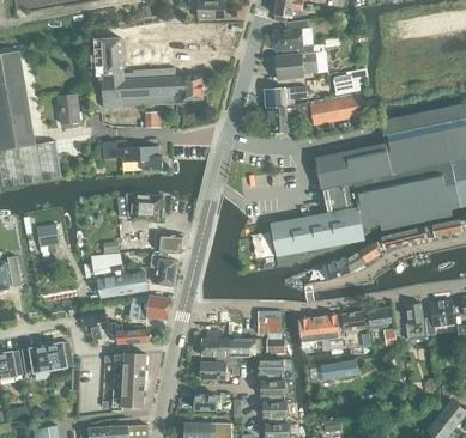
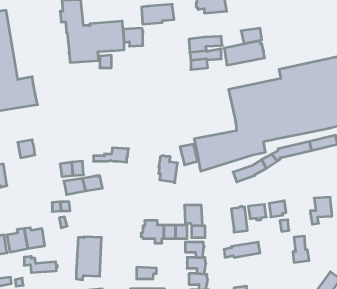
building: [274,53,317,79] -> [142,4,174,24]
building: [58,95,79,123] -> none
building: [103,141,162,170] -> none
building: [117,194,162,220] -> none
building: [152,251,177,287] -> [159,156,178,183]
building: [137,294,169,320] -> none
building: [405,304,426,339] -> [293,236,309,262]
building: [299,316,322,349] -> none
building: [107,322,151,343] -> [24,256,57,273]
building: [199,361,237,379] -> none

